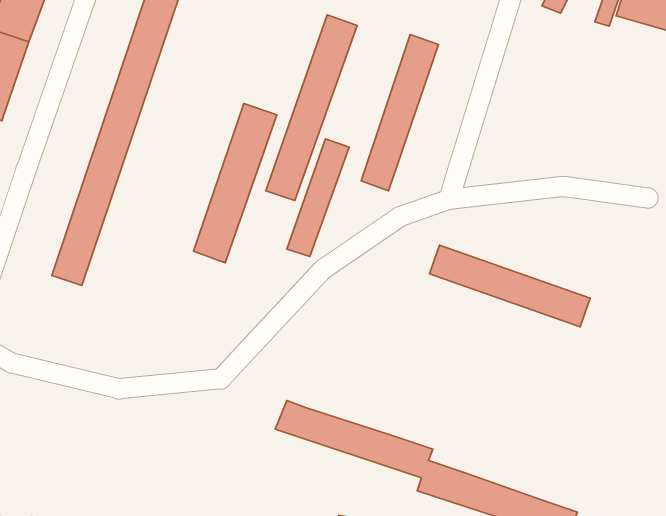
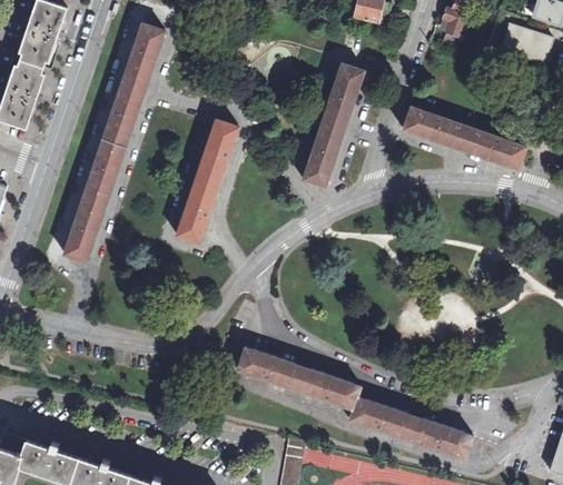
building: [266,15,357,200] -> none
building: [287,139,349,257] -> none
building: [430,245,590,327] -> [404,109,529,172]

